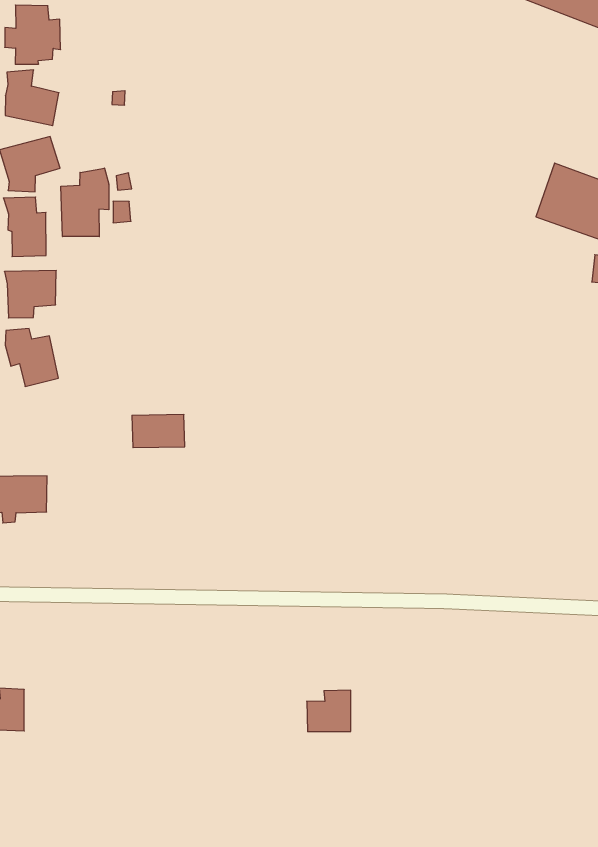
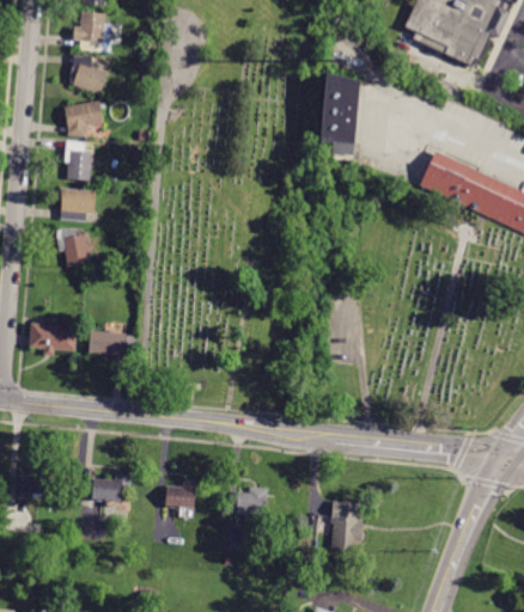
building: none -> [321,69,360,143]
building: [61,168,109,237] -> none
building: [132,415,185,448] -> [89,331,124,355]
building: none -> [91,475,130,502]
building: none -> [164,481,196,509]
building: none -> [330,501,362,551]

